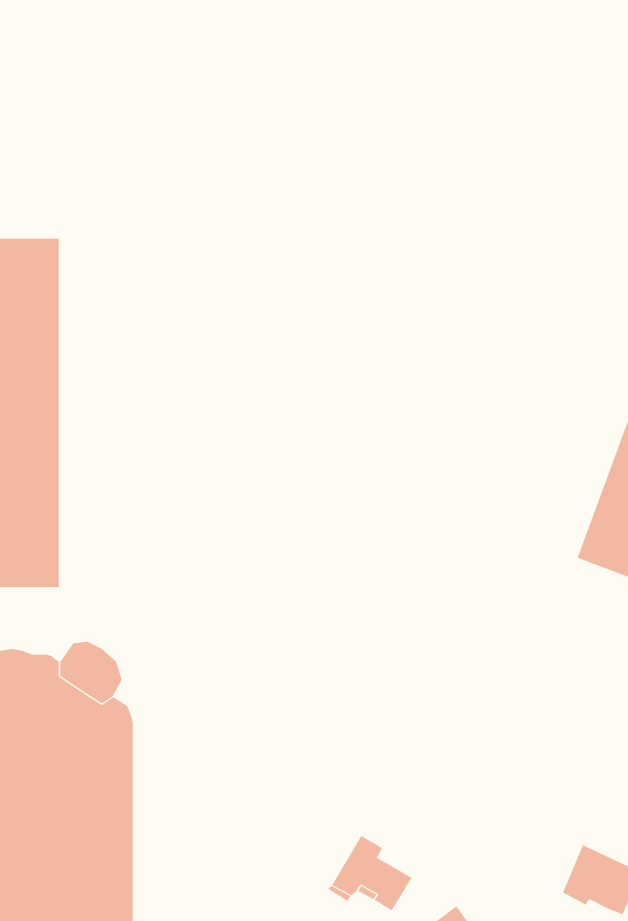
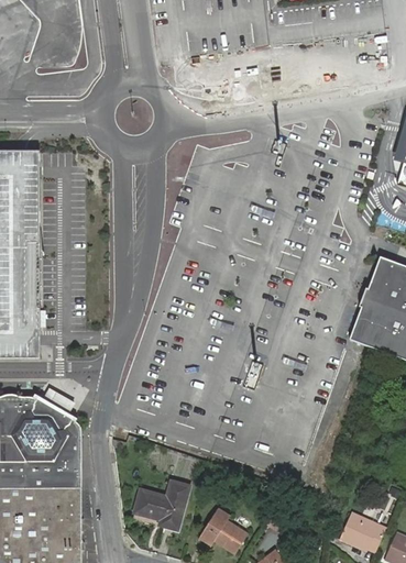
building: none -> [136,481,191,528]

